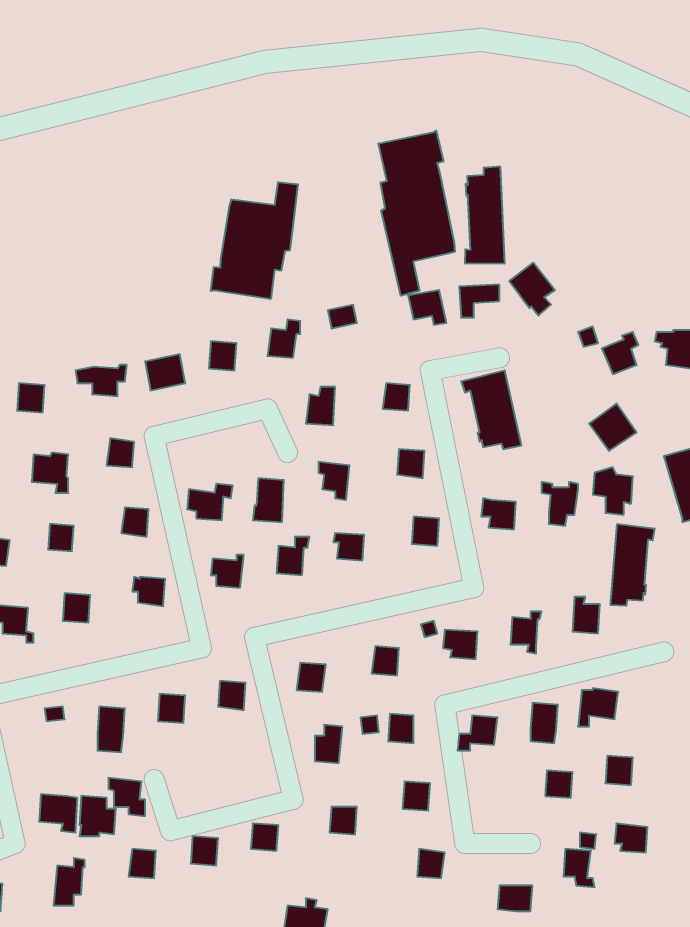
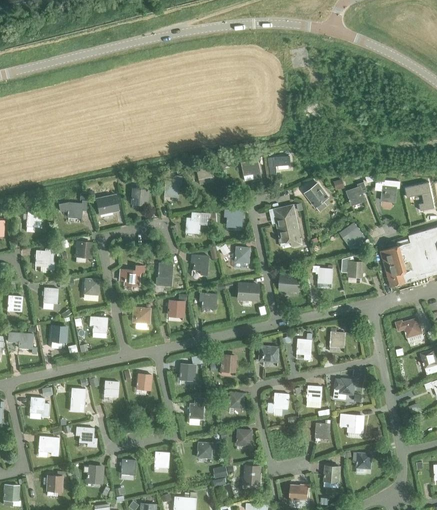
building: [379,131,455,296] -> none
building: [465,166,504,264] -> none
building: [211,182,298,299] -> none
building: [509,263,555,316] -> [304,183,329,212]
building: [611,524,655,606] -> none
building: [79,796,116,836] -> [29,397,49,419]

